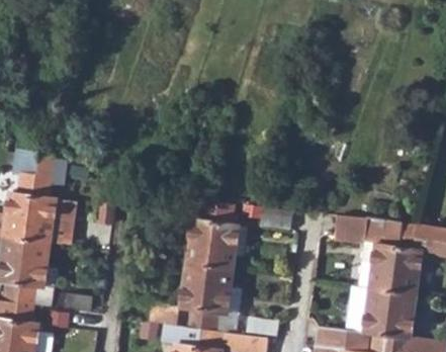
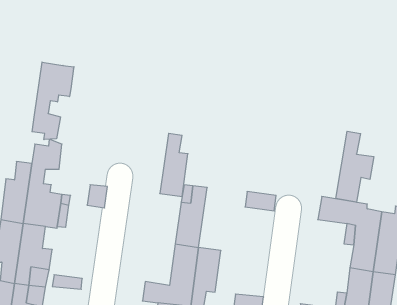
building: none -> [32,62,74,140]
building: none -> [336,131,374,202]
building: [210,204,240,270] -> [160,133,188,196]

